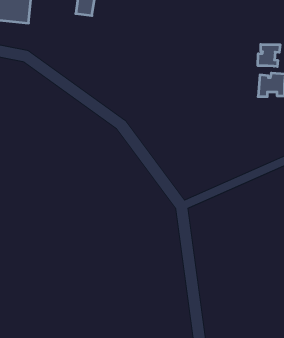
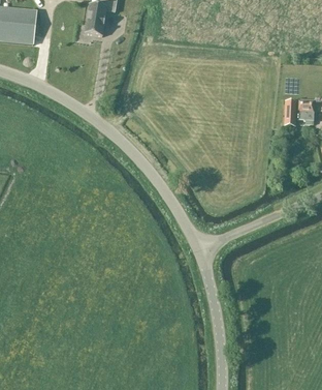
building: [258,44,280,67] -> none

